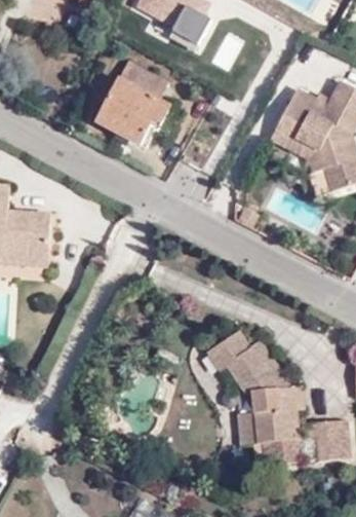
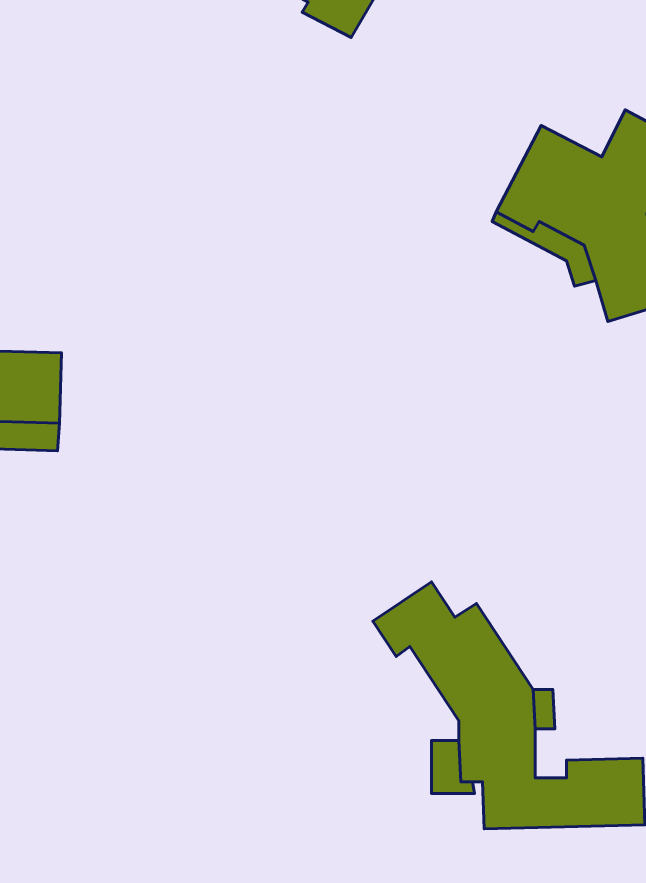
building: [93,63,173,149] -> none

